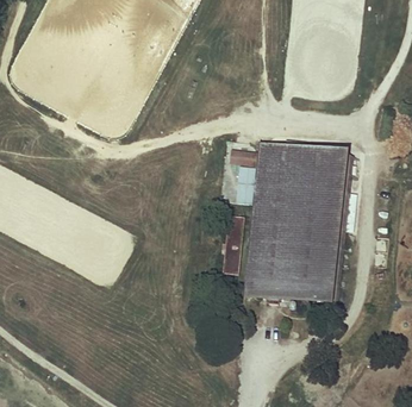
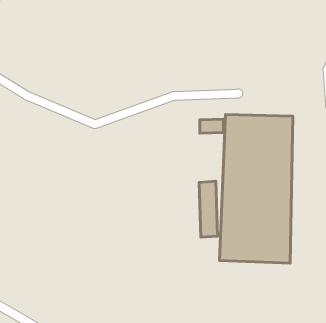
building: [314,148,352,306] -> none

